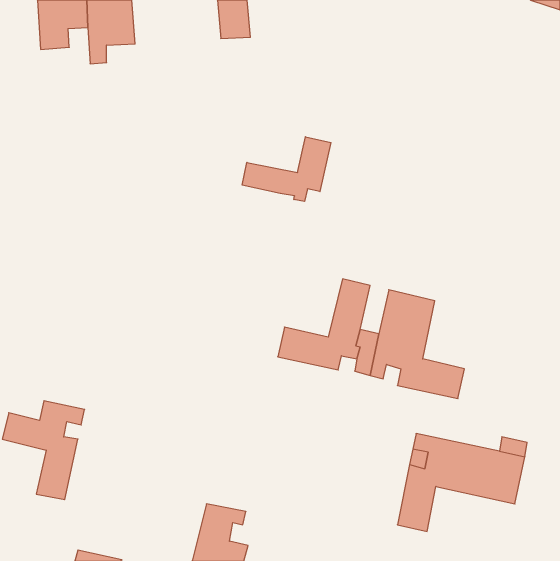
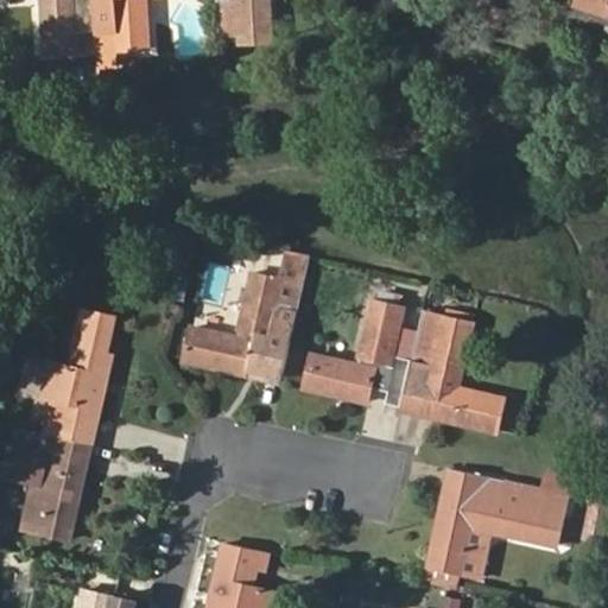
building: [242,137,331,201] -> none
building: none -> [184,249,309,380]
building: none -> [45,309,114,443]

